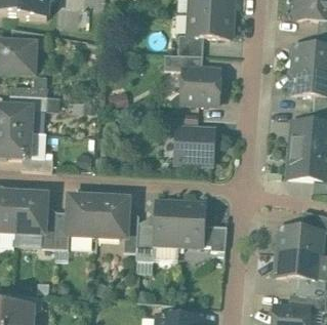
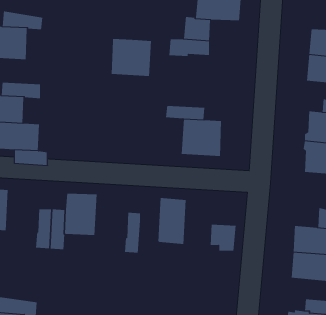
building: [181,68,219,103] -> [111,39,152,76]
building: [14,193,45,232] -> none
building: [96,197,127,237] -> none
building: [178,202,205,244] -> none
building: [135,221,155,259] -> none

